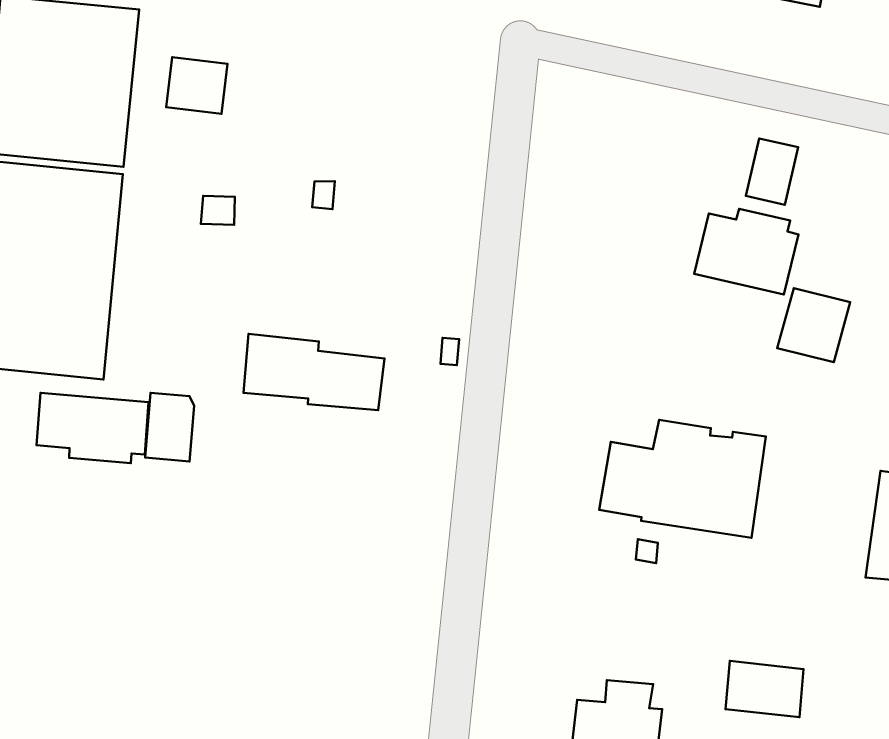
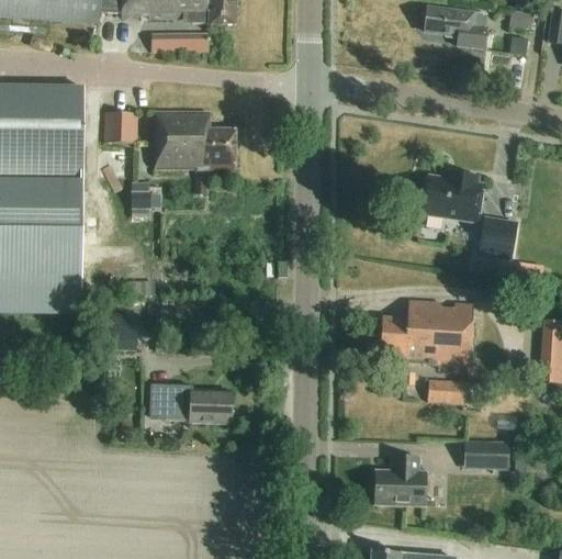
building: none -> [156,113,235,168]
building: [746,138,798,205] -> none
building: [244,334,384,410] -> [151,384,233,423]
building: [37,393,149,463] -> none
building: none -> [427,380,469,406]

